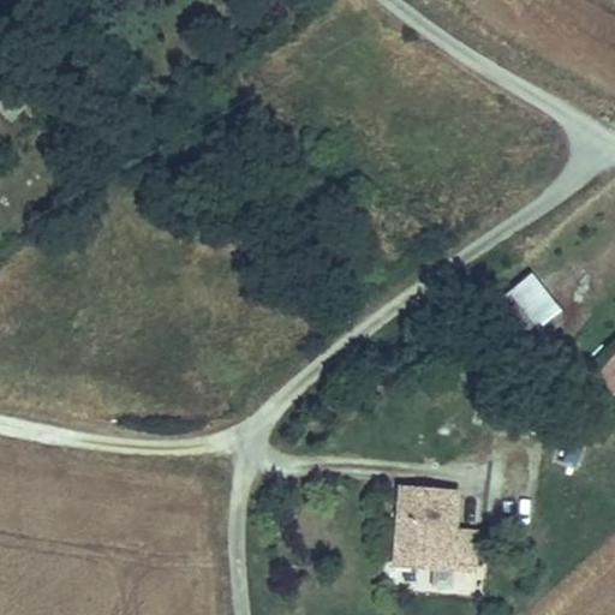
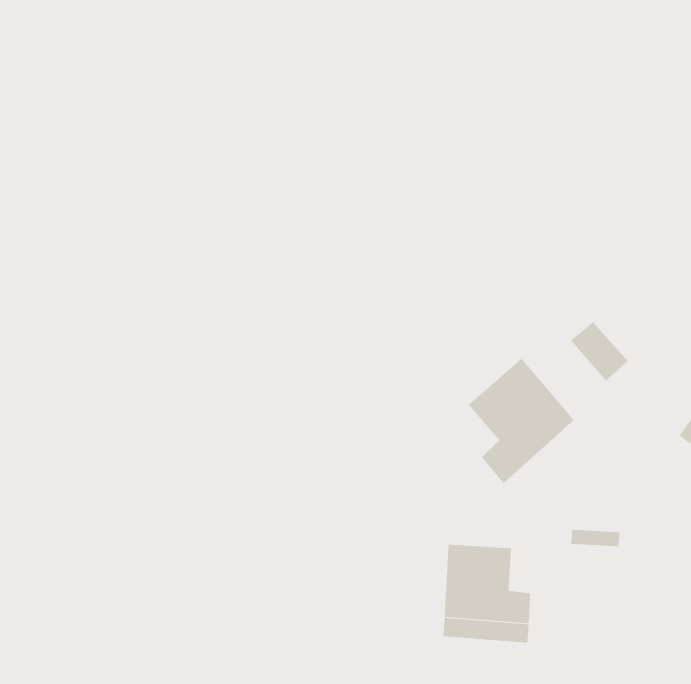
building: none -> [468,358,575,484]

